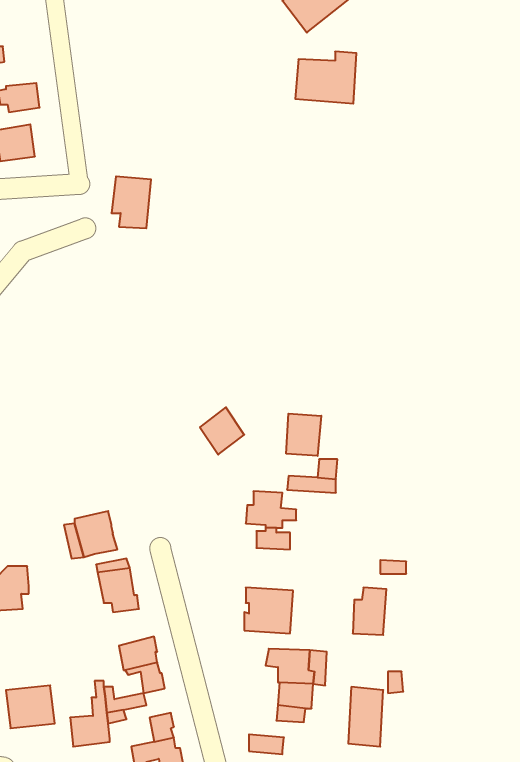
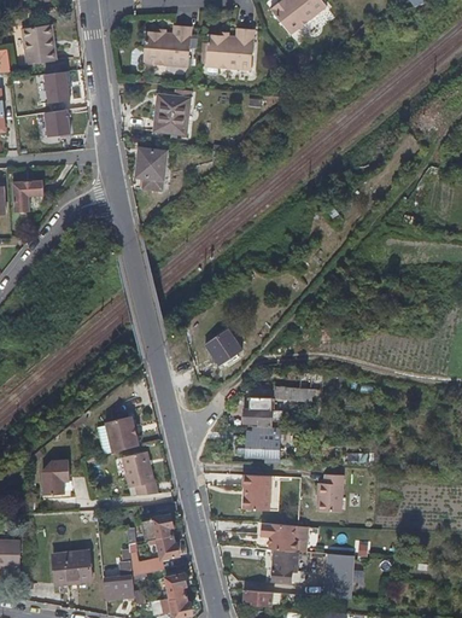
building: none -> [142,28,191,68]
building: [295,52,356,104] -> [206,30,255,71]
building: none -> [152,94,188,134]
building: [286,414,321,456] -> none
building: none -> [235,443,277,465]

